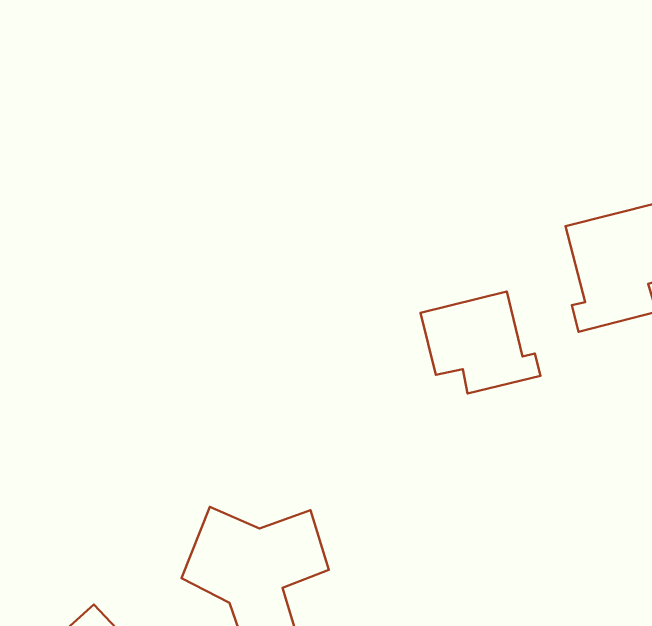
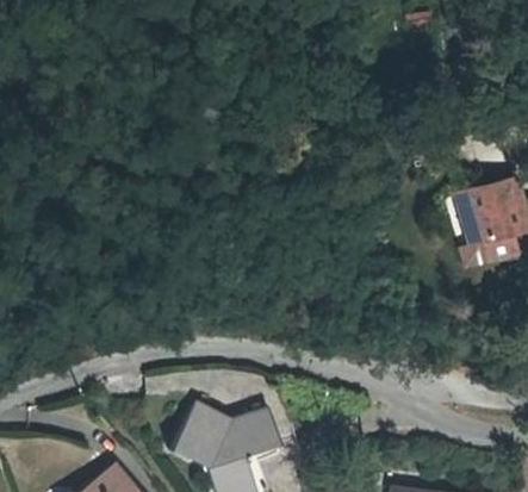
building: [420,291,540,394] -> none

